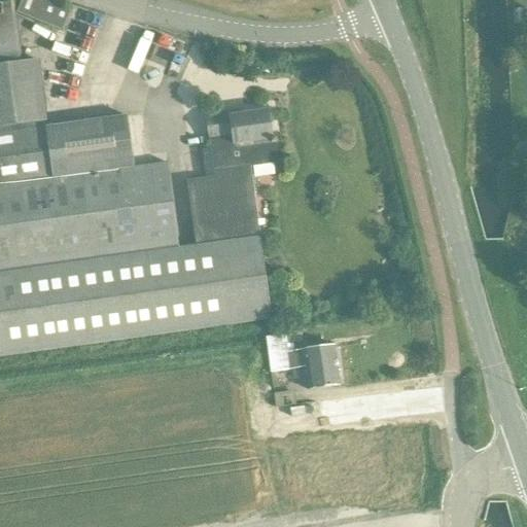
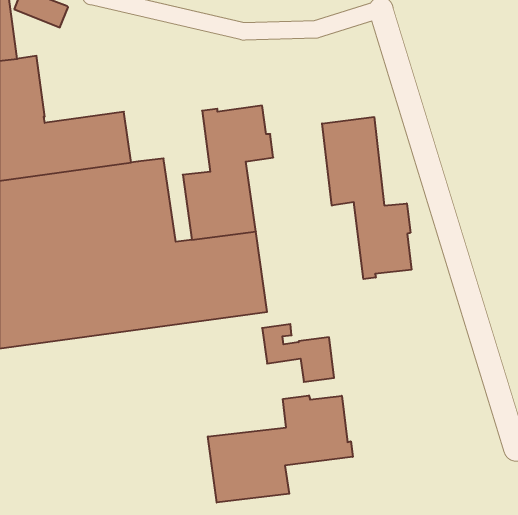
building: none -> [322,117,411,279]
building: none -> [208,395,353,503]

